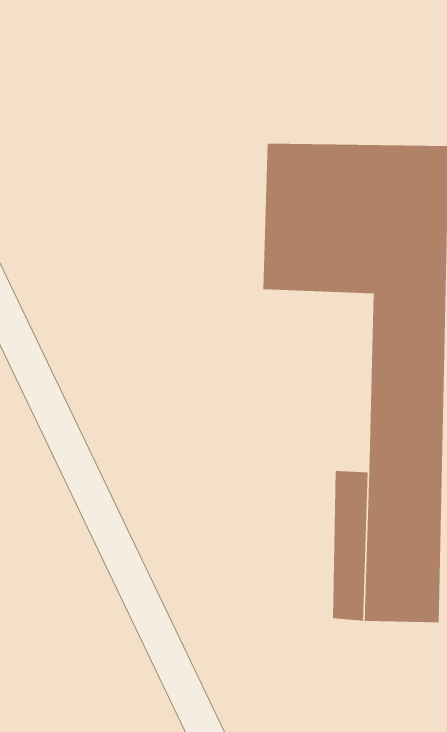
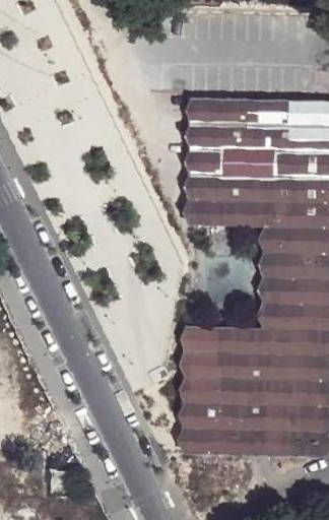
building: none -> [189,333,244,439]

